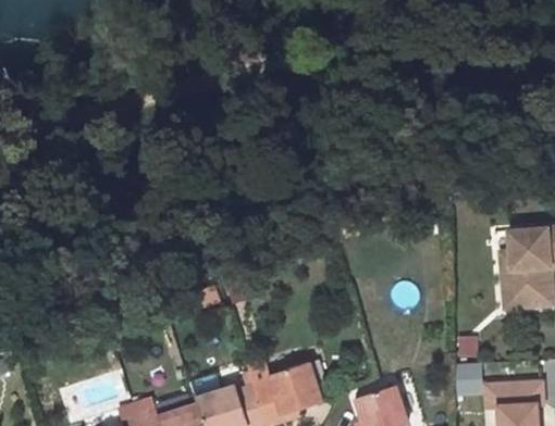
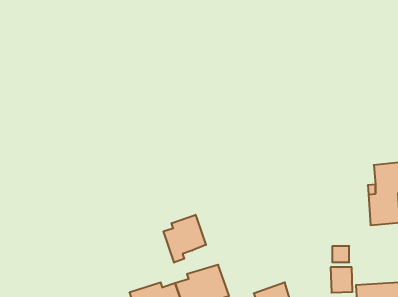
building: none -> [164,215,206,263]

